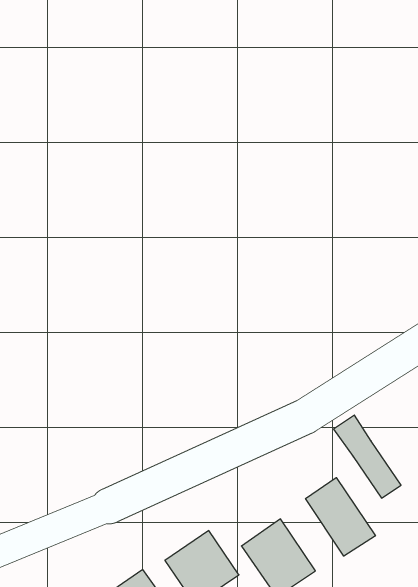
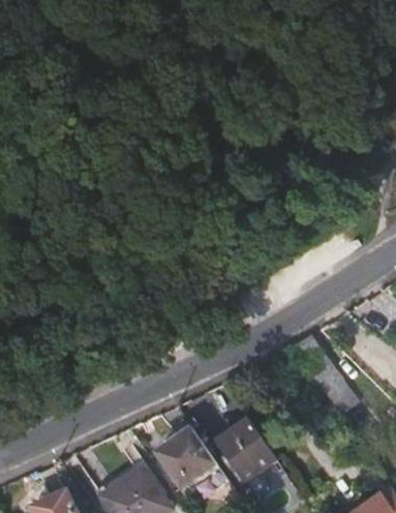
building: [306,478,375,556] -> none

